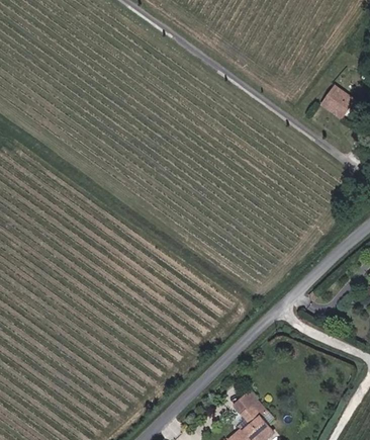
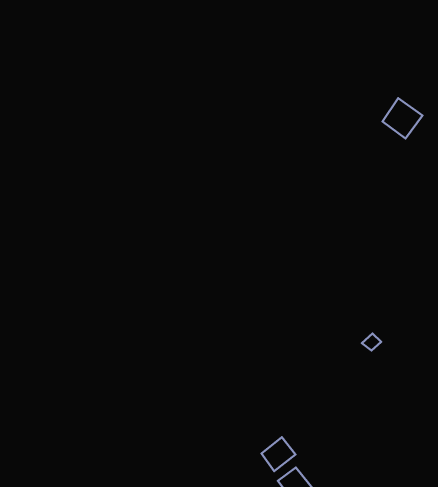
building: none -> [261,437,296,471]

